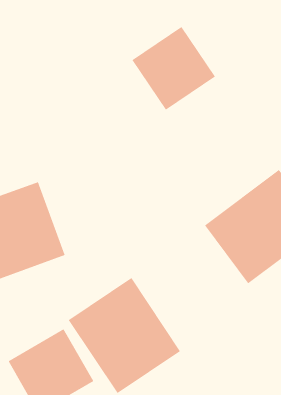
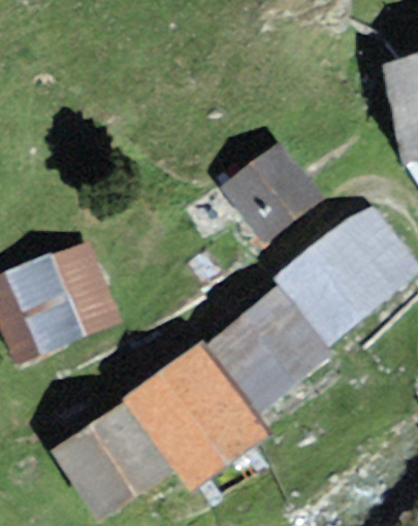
building: [132,26,216,110] -> [218,134,318,234]
building: none -> [208,297,322,407]

